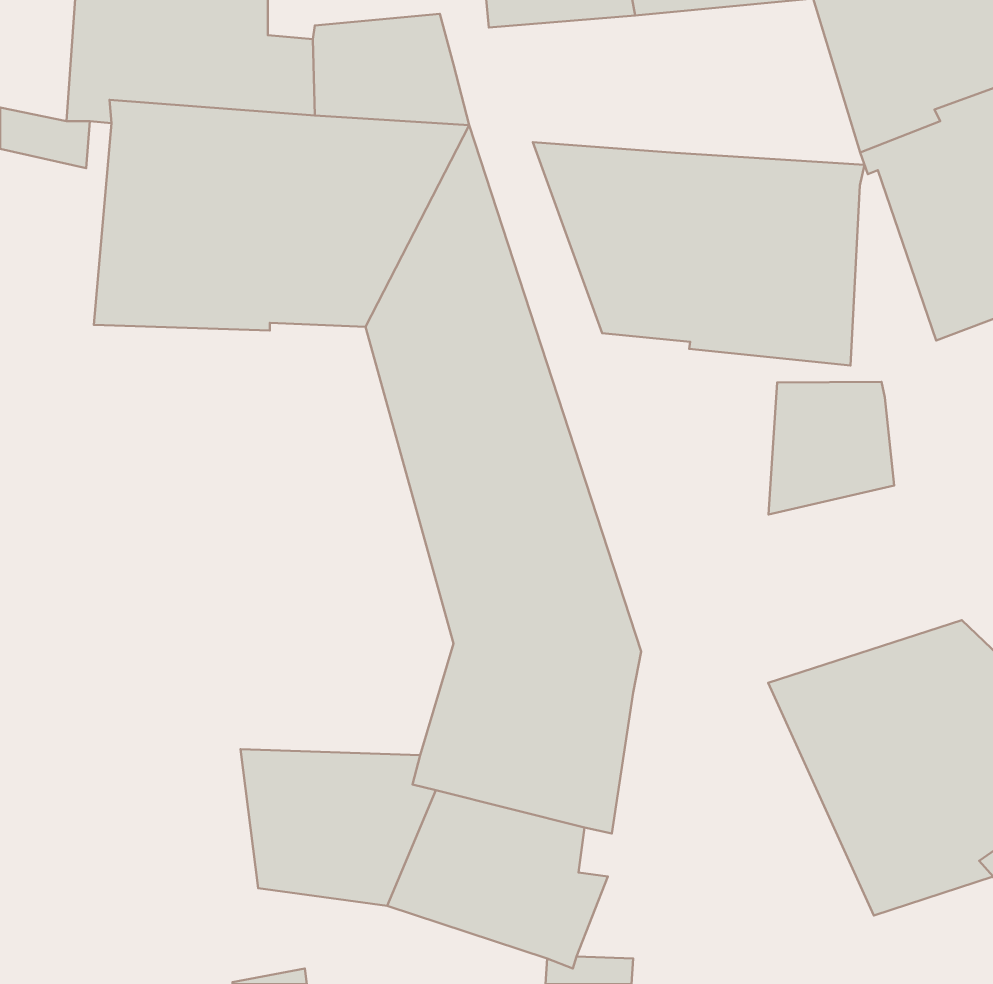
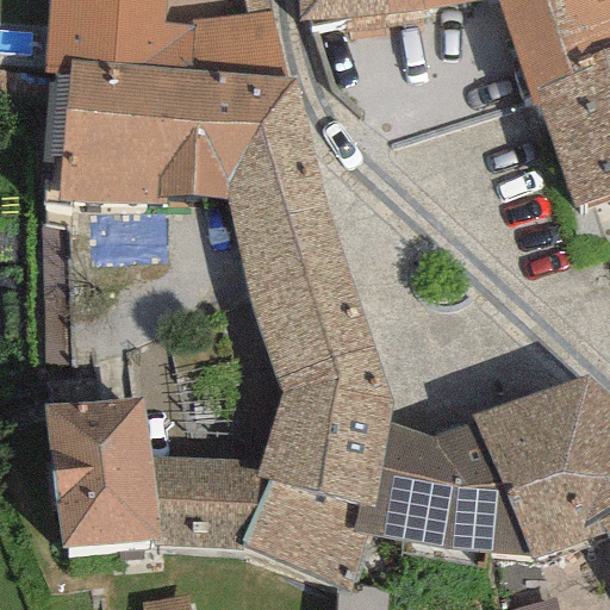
building: [533,142,865,366] -> none
building: [769,382,894,514] -> none
building: none -> [42,397,161,554]
building: none -> [356,416,536,558]

